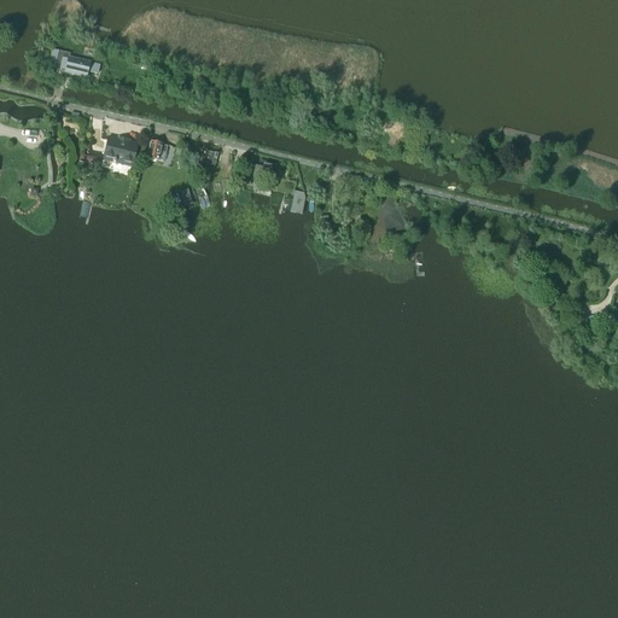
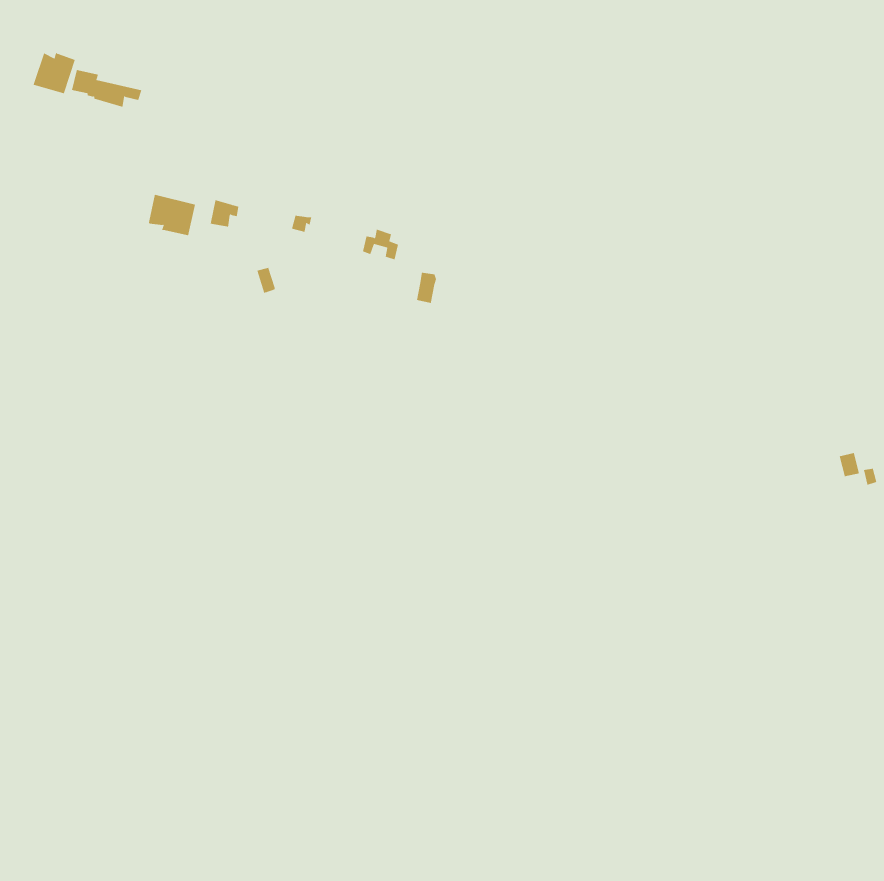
building: none -> [33,49,76,94]

